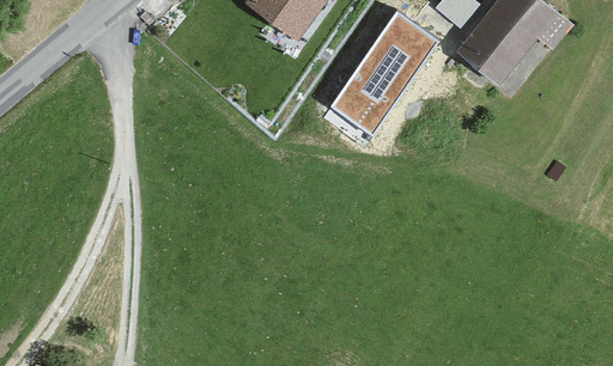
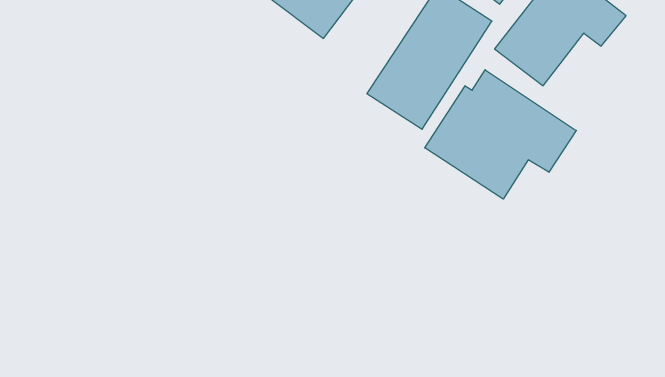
building: none -> [425,70,576,199]

